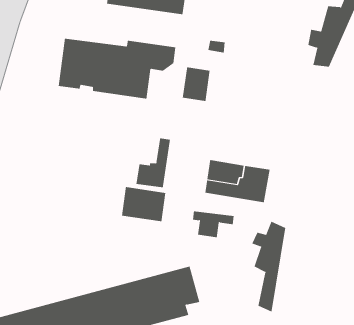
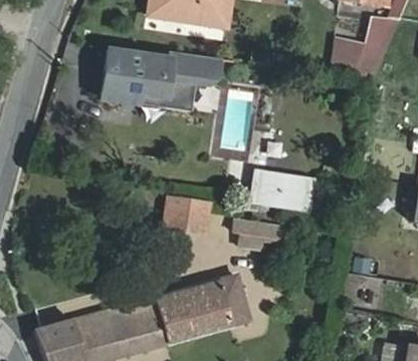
building: [182,67,210,102] -> none
building: [136,137,170,188] -> none
building: [252,221,286,312] -> none

